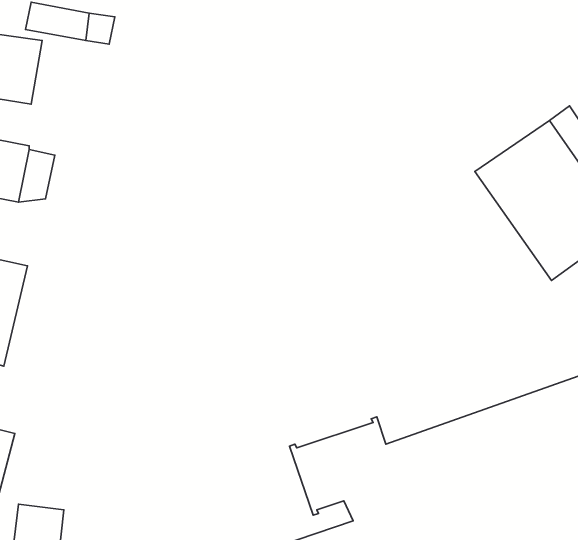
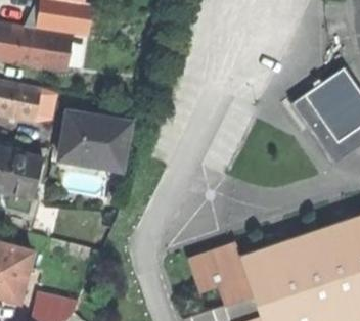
building: none -> [42,30,73,68]
building: none -> [59,112,130,171]

